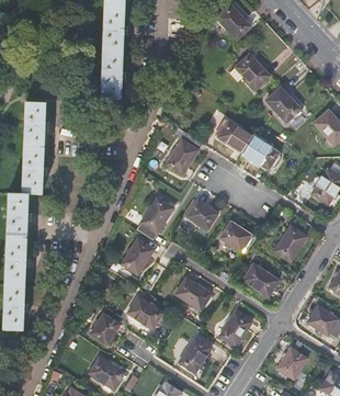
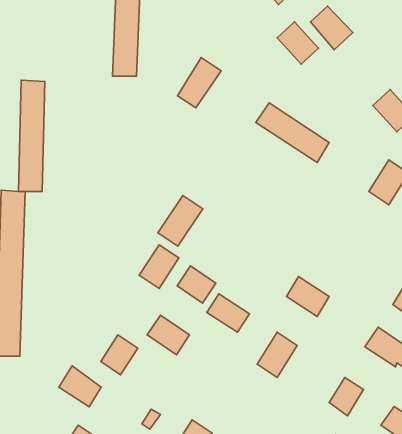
building: [267,86,302,122] -> [310,6,353,50]
building: [167,132,203,173] -> [177,57,221,108]
building: [186,199,218,229] -> [177,266,216,303]
building: [220,220,252,250] -> none
building: [274,225,307,260] -> none
building: [179,336,212,372] -> none
building: [89,354,124,388] -> [59,366,101,407]

